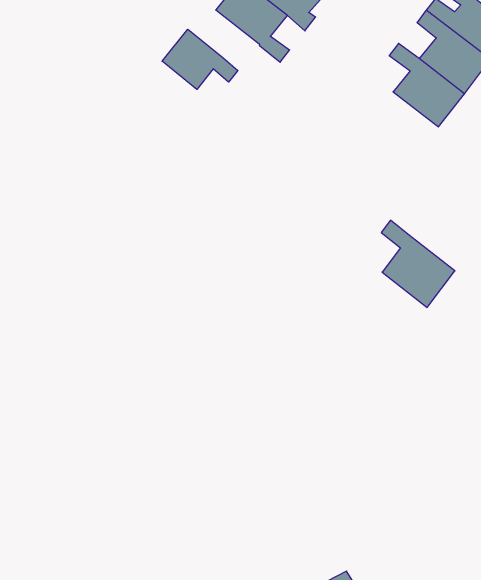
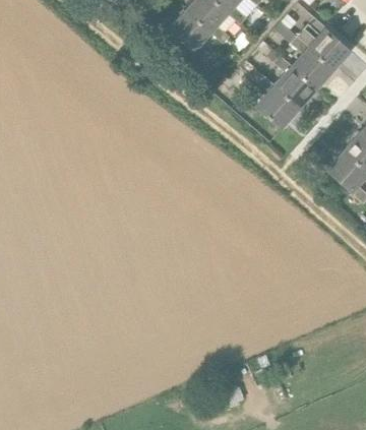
building: [162,29,238,89] -> none
building: [381,220,455,307] -> [256,74,301,129]

